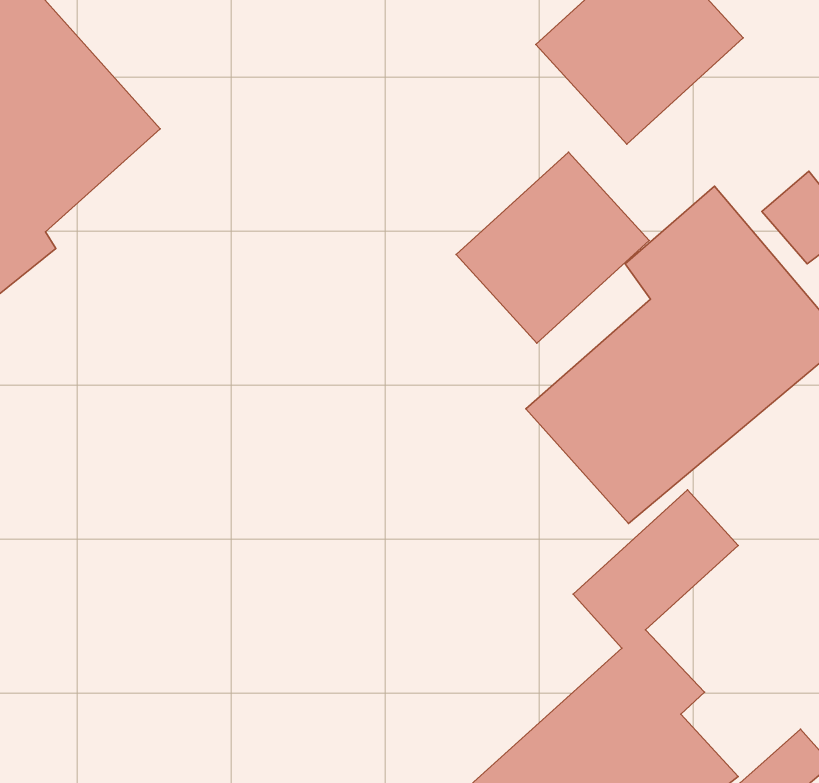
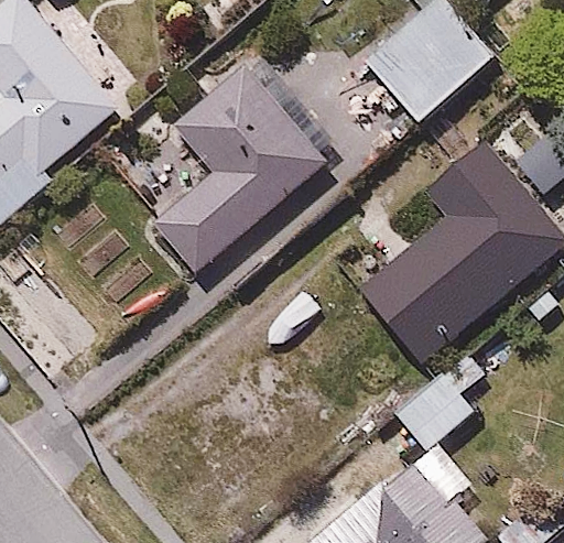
building: none -> [152,69,324,276]
building: [456,152,649,343] -> none

